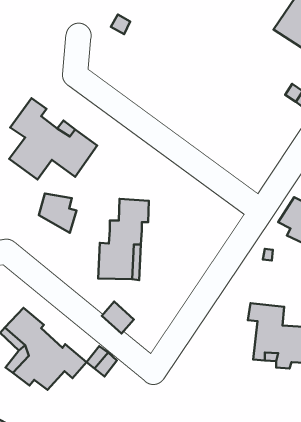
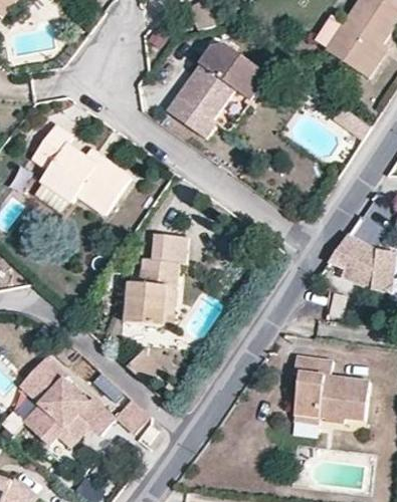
building: none -> [168,43,265,134]
building: [39,193,76,233] -> none

